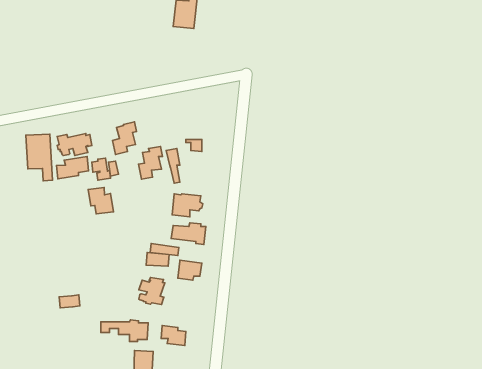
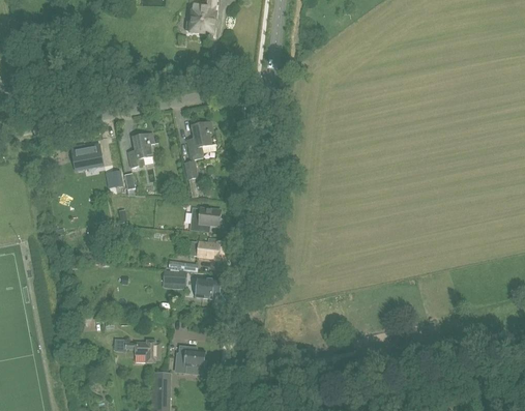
building: [26,134,52,181] -> none
building: [139,146,162,179] -> [186,121,211,155]
building: [56,156,89,179] -> none
building: [88,188,113,214] -> none
building: [139,277,165,305] -> none

